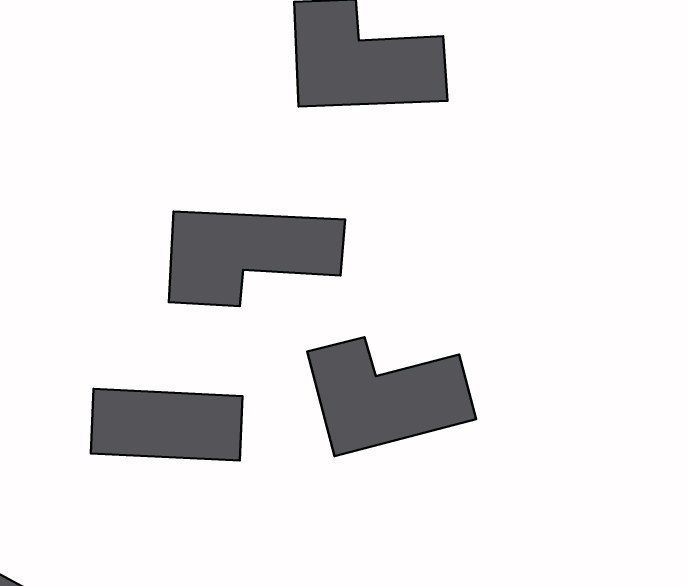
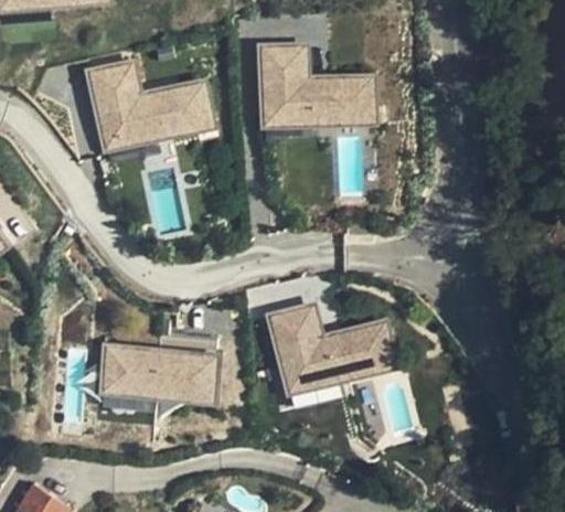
building: none -> [84,61,213,152]
building: [169,211,345,306] -> none

